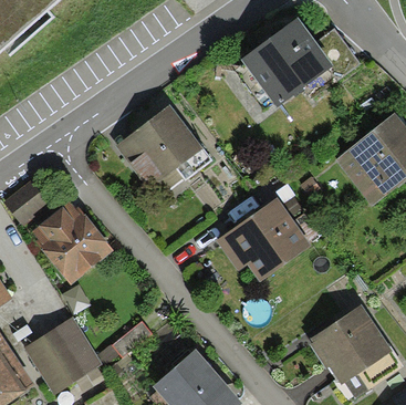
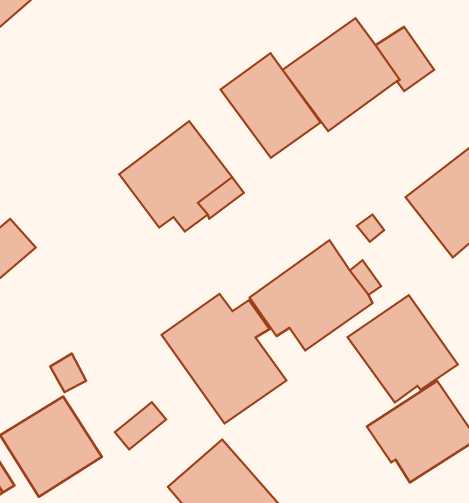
building: none -> [221,53,320,158]
building: [29,198,112,283] -> none
building: none -> [162,294,286,424]
building: none -> [347,295,458,402]

